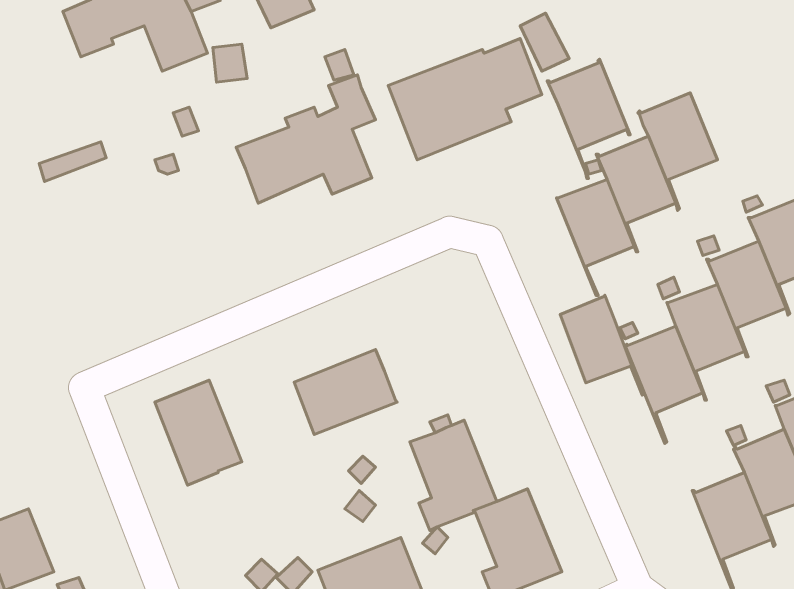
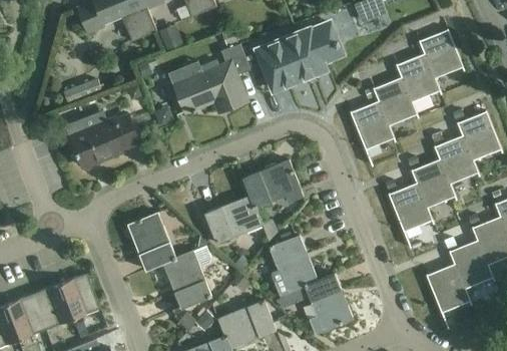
building: [547,59,630,178] -> [419,28,465,94]
building: none -> [68,113,139,166]
building: none -> [243,159,304,208]
building: [560,295,643,395] -> none
building: none -> [163,246,211,308]
building: none -> [58,273,99,319]

